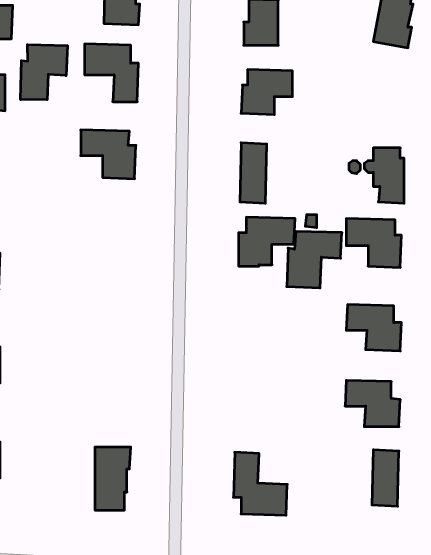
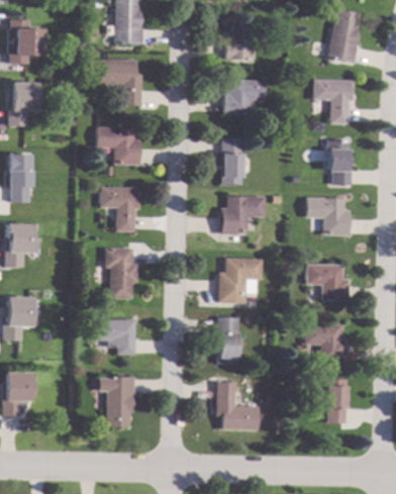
building: [21,45,67,100] -> none
building: none -> [313,79,354,123]
building: none -> [101,186,140,231]
building: [287,231,342,288] -> [219,258,263,302]
building: none -> [106,248,138,298]
building: none -> [217,316,240,364]
building: none -> [94,318,136,355]

